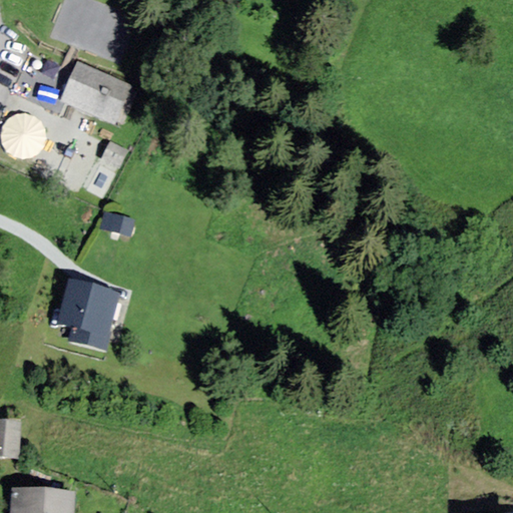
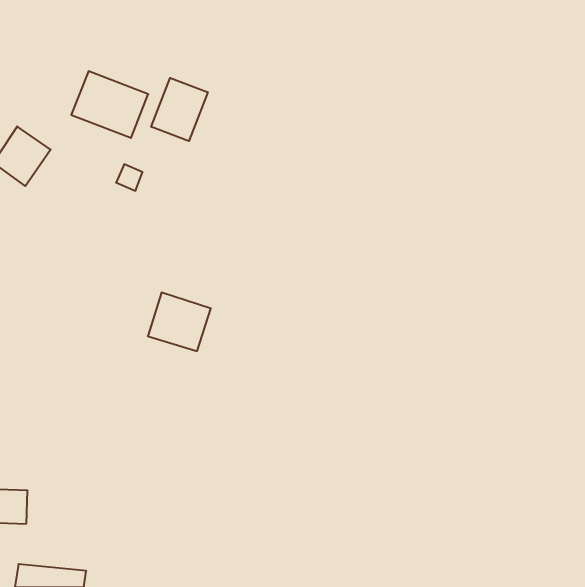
building: none -> [151,78,208,141]
building: [57,285,112,336] -> [148,293,211,351]

